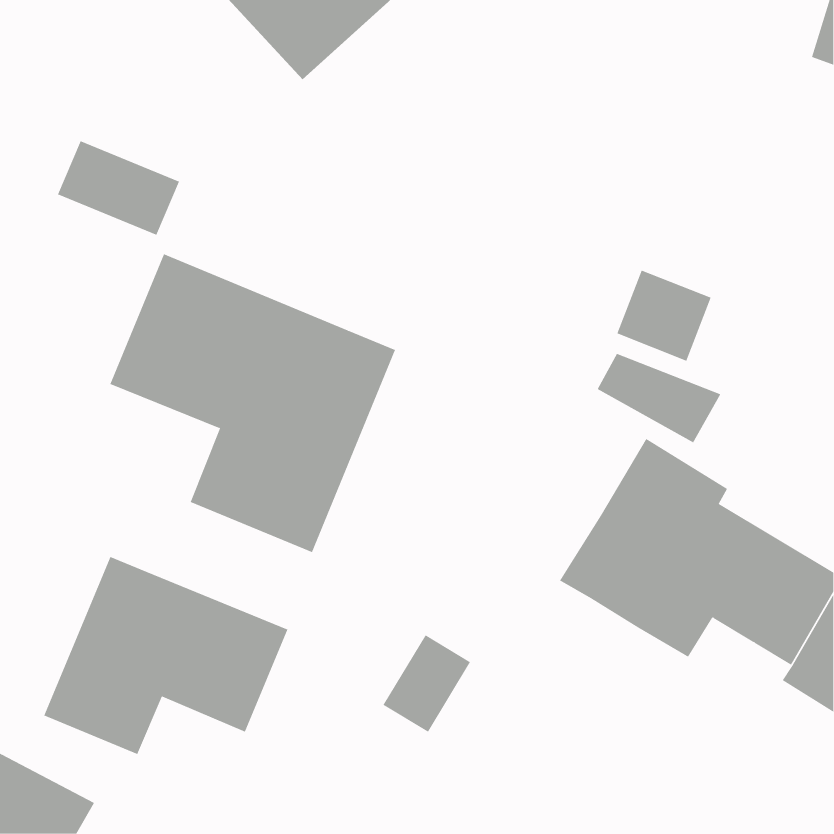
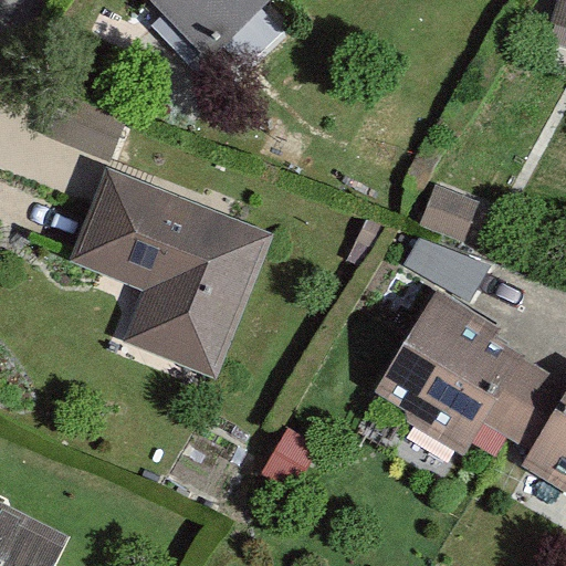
building: [44,556,288,755] -> none

